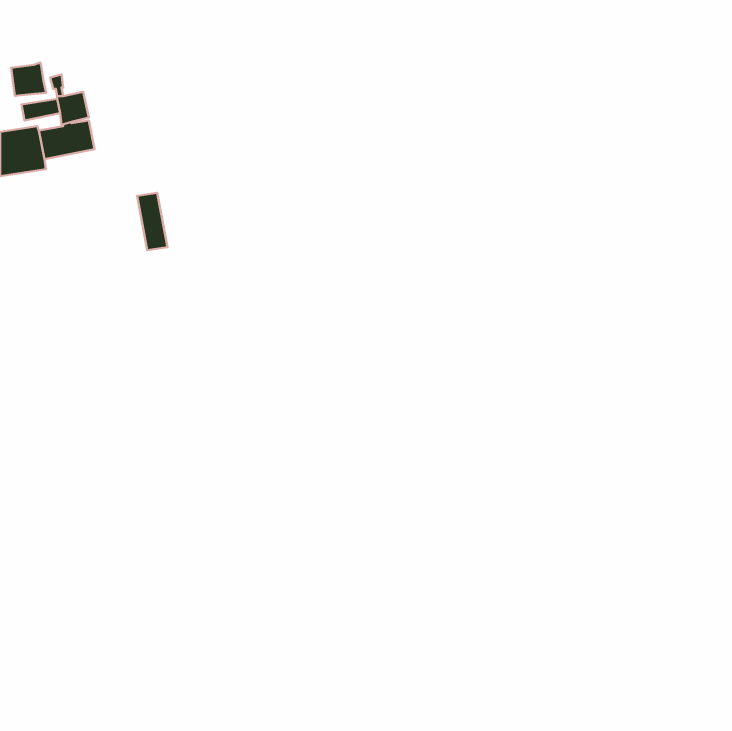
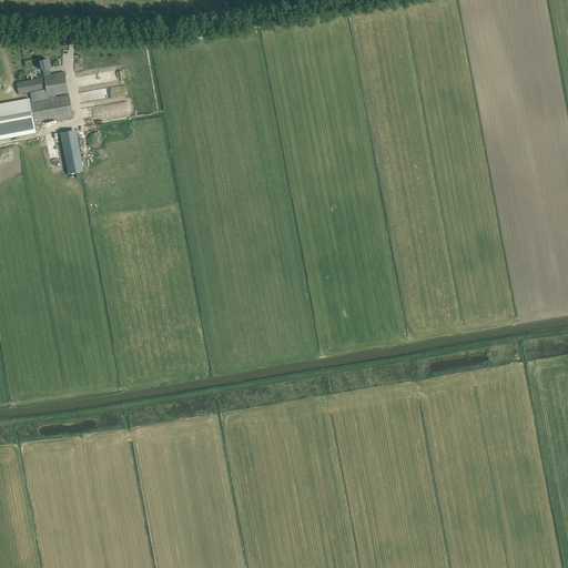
building: [11,63,46,96] -> none
building: [137,193,167,250] -> [59,129,82,173]

